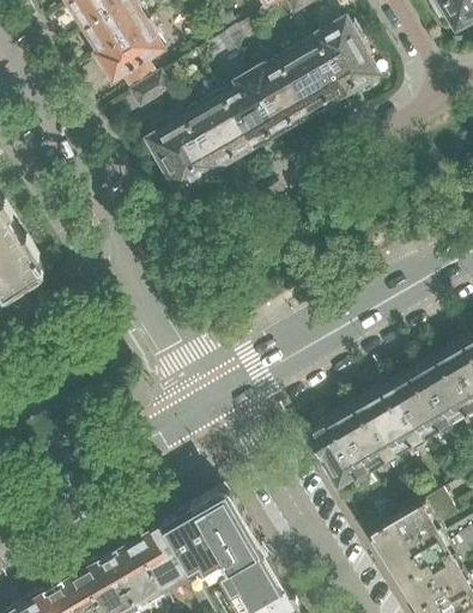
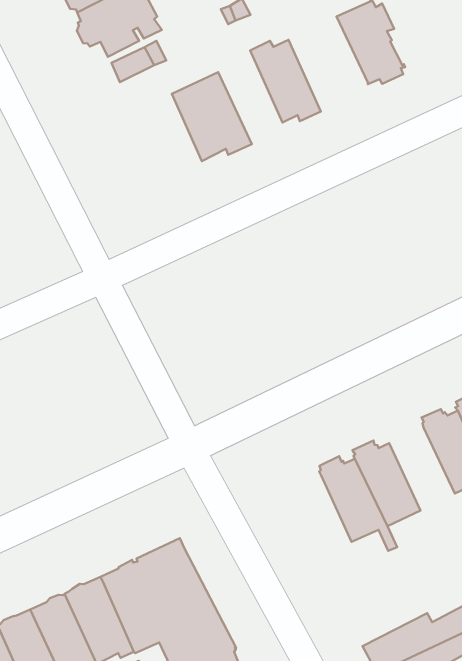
building: [277,38,346,119] -> none
building: [220,73,278,151] -> none
building: [142,111,213,194] -> none
building: [388,374,449,444] -> none
building: [305,421,381,500] -> none
building: [366,491,455,562] -> none

